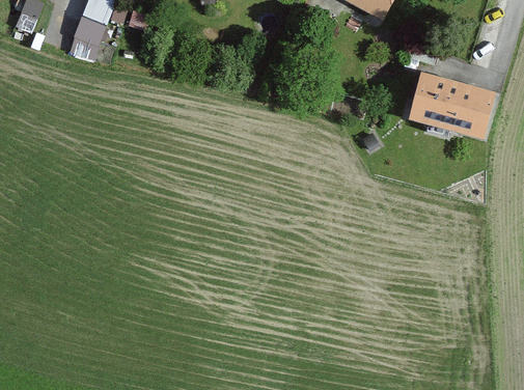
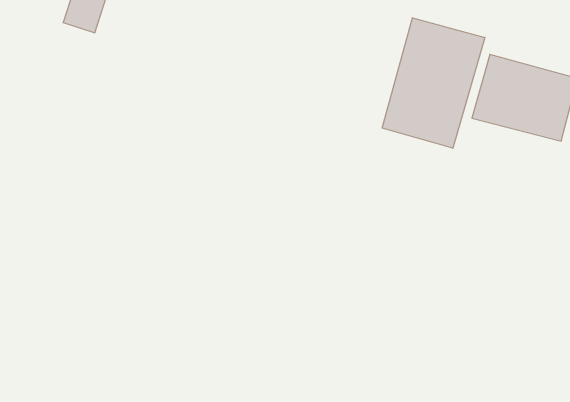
building: none -> [382,18,485,148]

